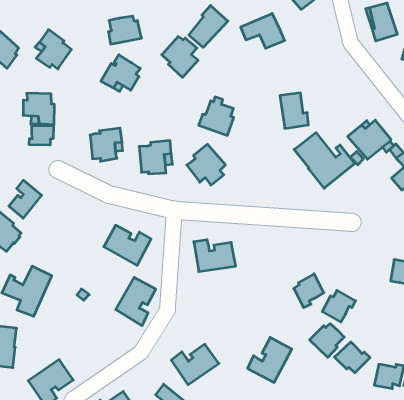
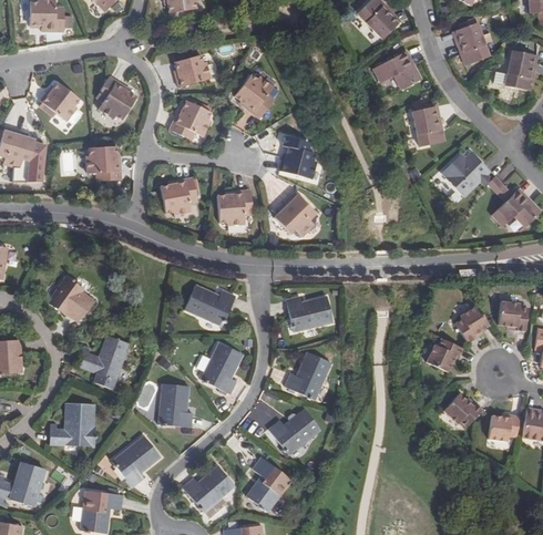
building: [189,5,228,47] -> none
building: [241,13,285,48] -> [372,50,421,89]
building: [280,93,308,128] -> [410,105,443,145]
building: [29,125,53,145] -> none
building: [294,133,355,188] -> none
building: [9,180,42,218] -> none
building: [294,274,324,308] -> [455,306,489,343]
building: none -> [158,383,193,426]
building: [310,324,344,357] -> none
building: [248,337,292,382] -> [281,349,328,398]

